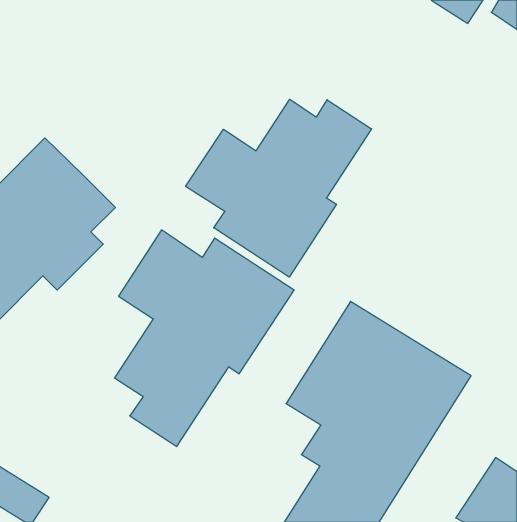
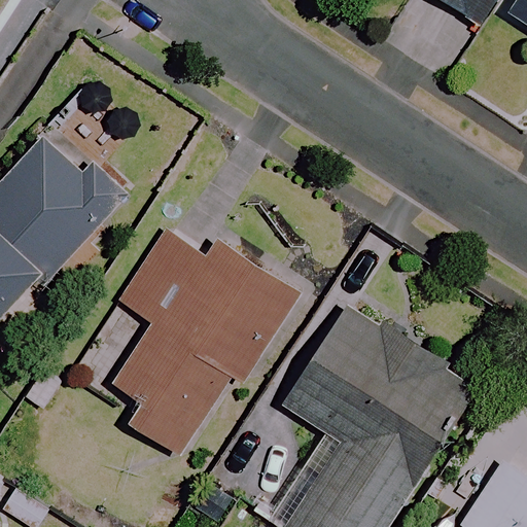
building: [186,99,372,277] -> none

